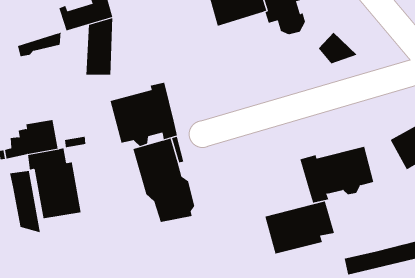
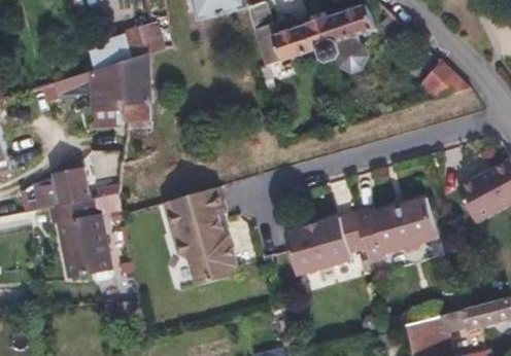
building: none -> [87,63,118,105]
building: [318,32,357,64] -> [422,62,467,98]
building: [110,82,178,147] -> none
building: [9,170,41,233] -> none
building: [265,201,335,254] -> [286,213,365,273]

